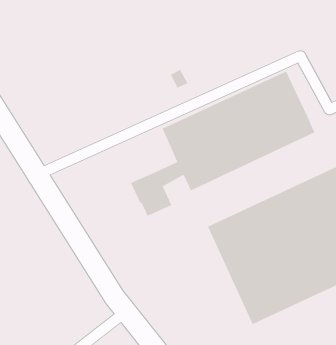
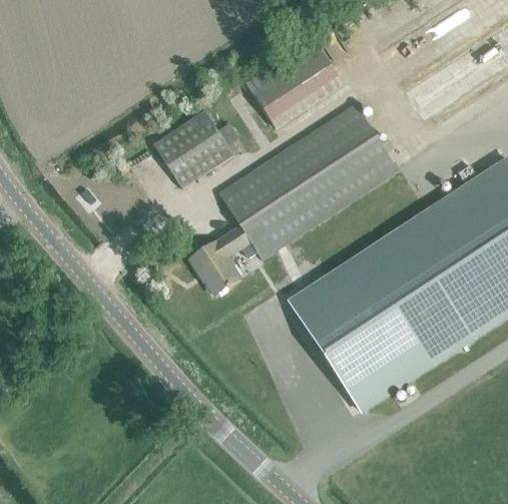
building: none -> [247,39,345,127]
building: none -> [155,111,234,188]

